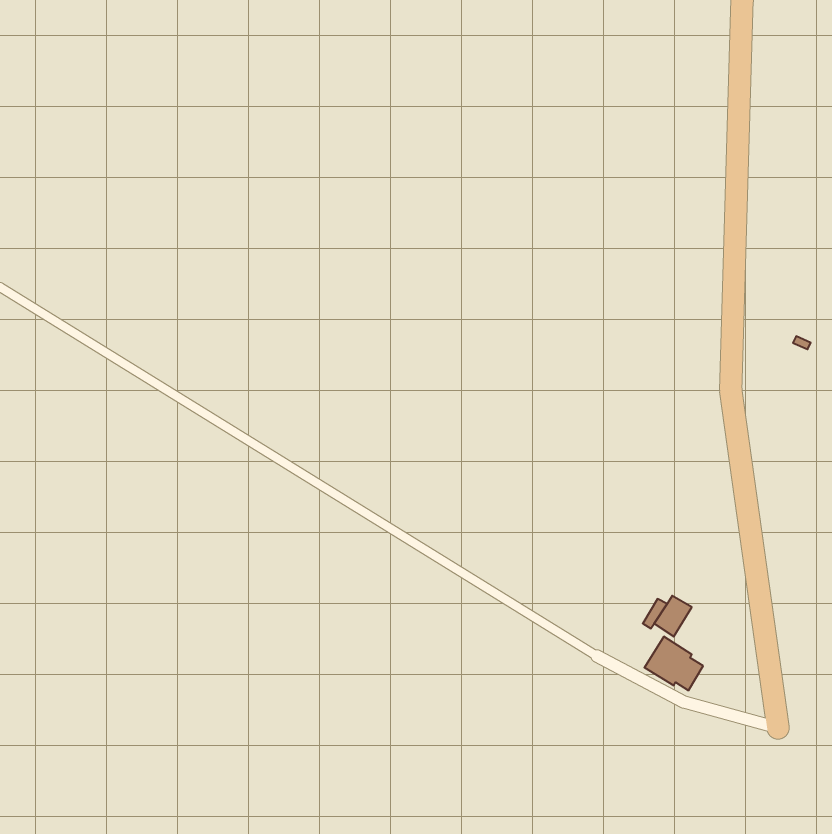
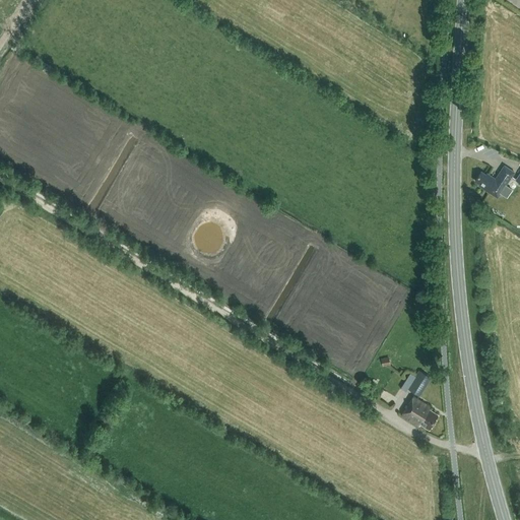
building: none -> [476,165,515,196]

